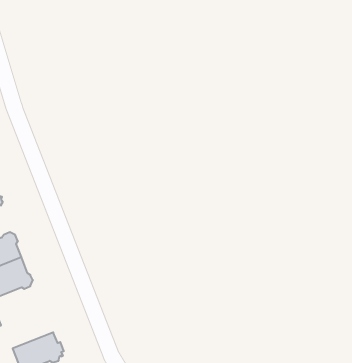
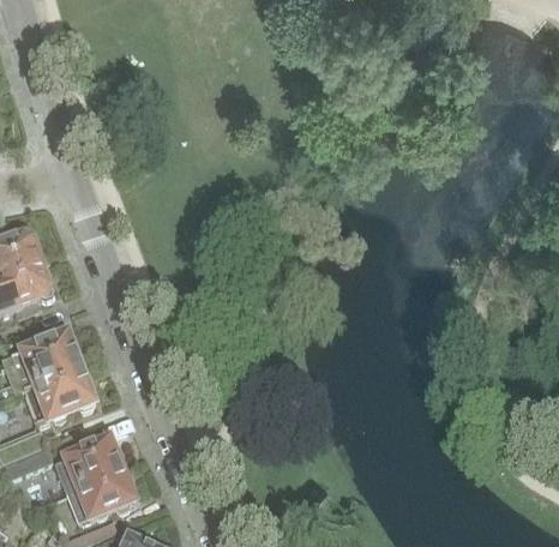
building: none -> [55,437,121,489]

